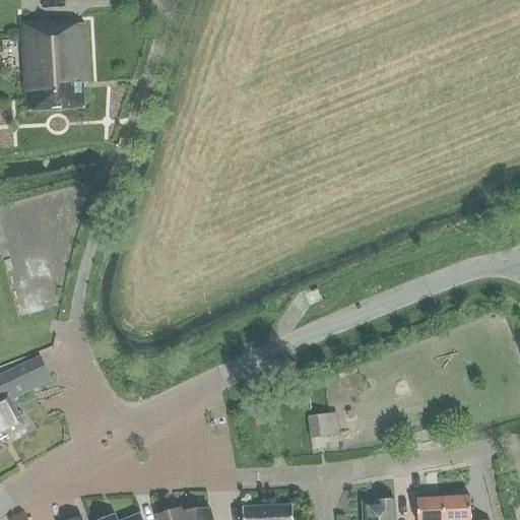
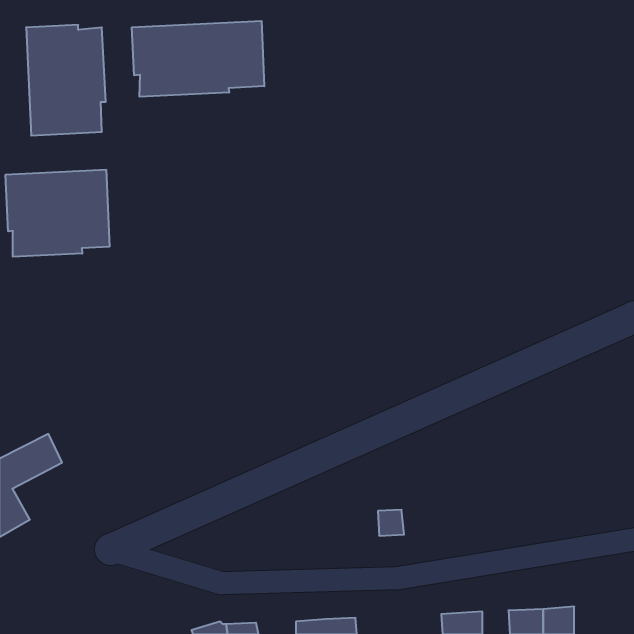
building: none -> [132,21,264,97]
building: none -> [6,170,109,257]

